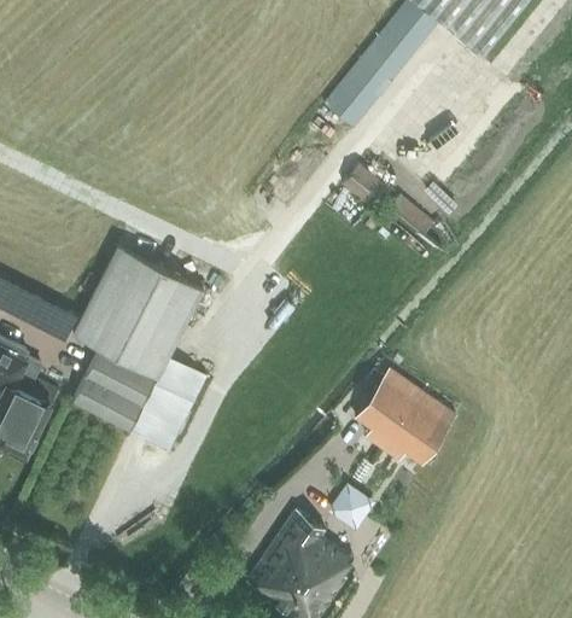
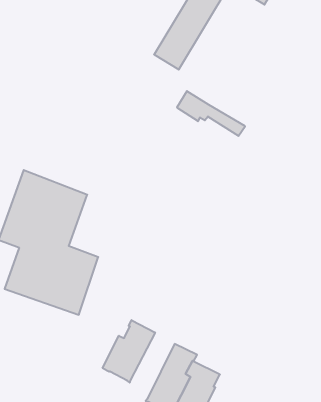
building: [355,367,450,464] -> none
building: none -> [103,320,155,383]
building: [329,488,369,527] -> none

